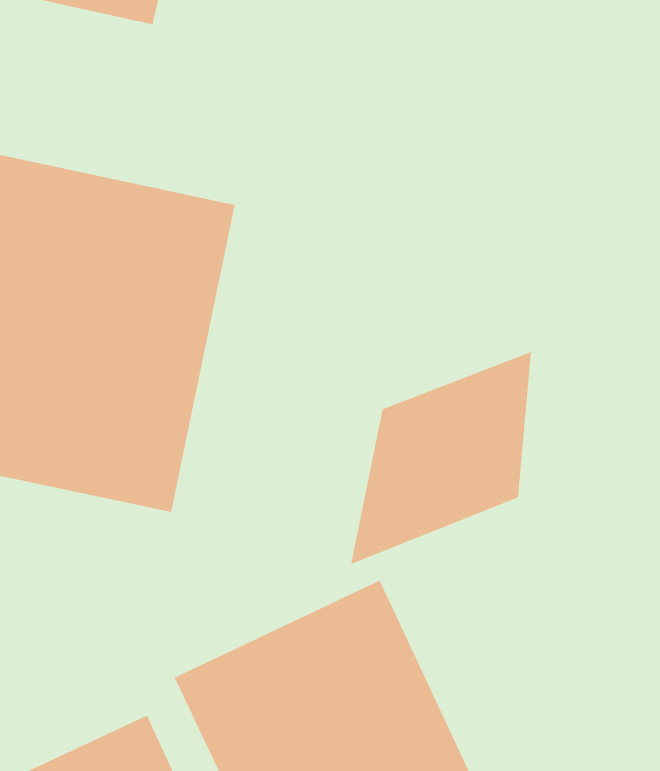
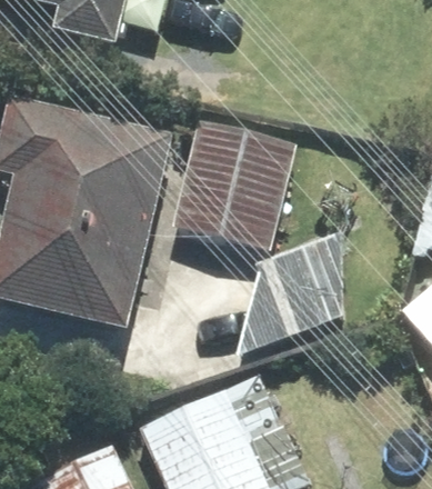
building: none -> [174,120,288,249]

